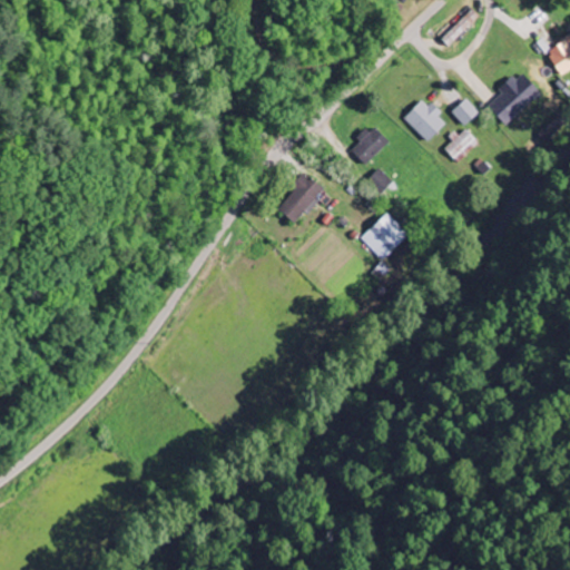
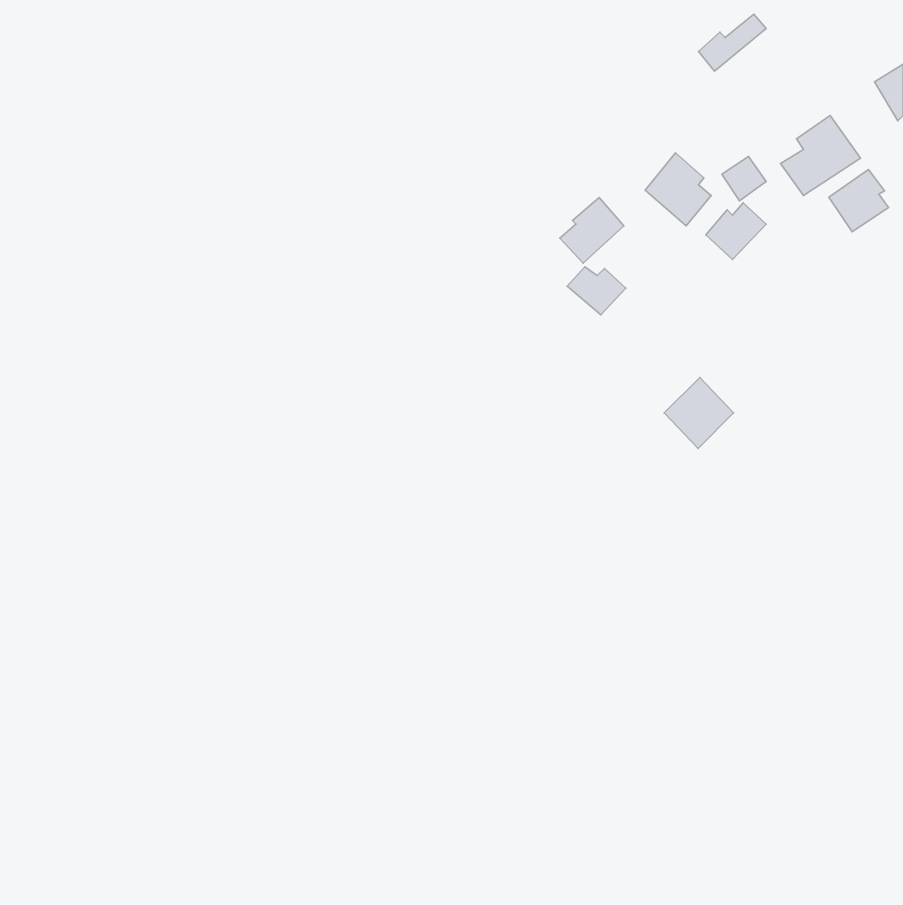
building: none -> [829,169,888,232]
building: [276,171,324,223] -> none
building: [360,215,403,259] -> [664,377,734,448]

